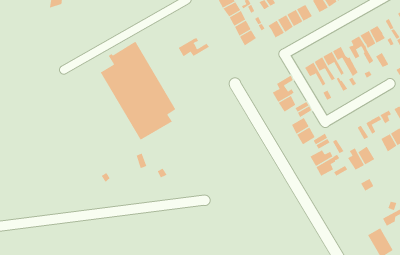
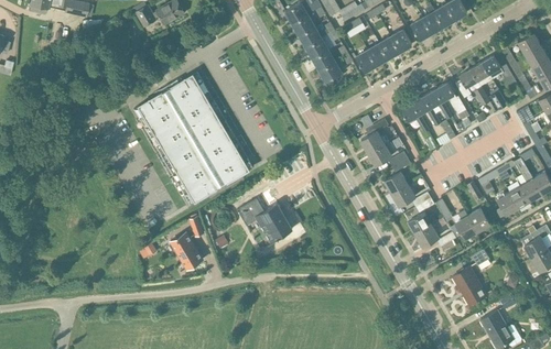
building: [178,37,210,57] -> none
building: none -> [237,198,292,244]
building: none -> [171,232,203,270]
building: none -> [453,266,486,305]

